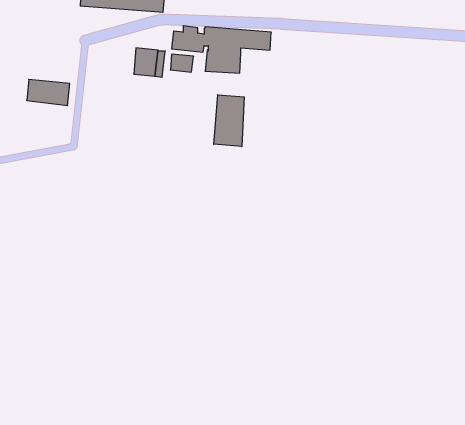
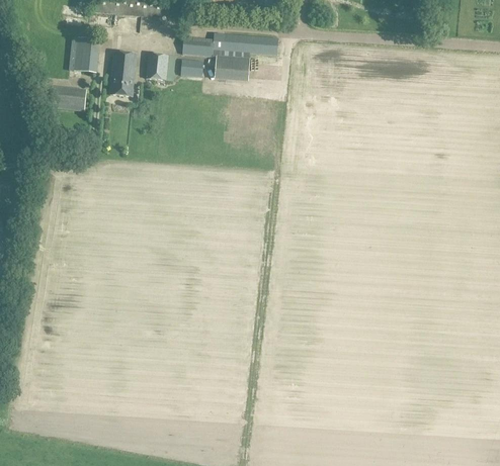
building: none -> [68,38,99,75]
building: none -> [109,54,136,98]
building: [214,95,244,147] -> none

